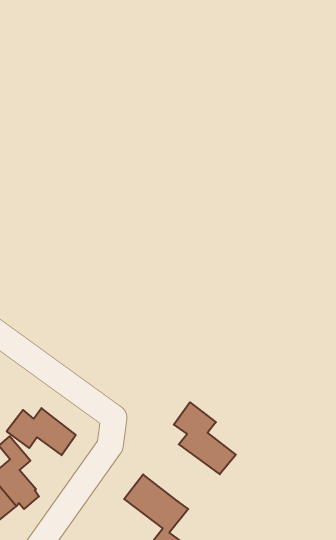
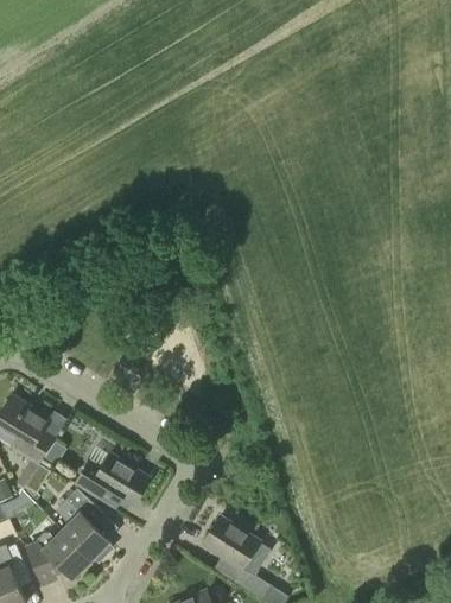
building: [174,402,236,474] -> none

